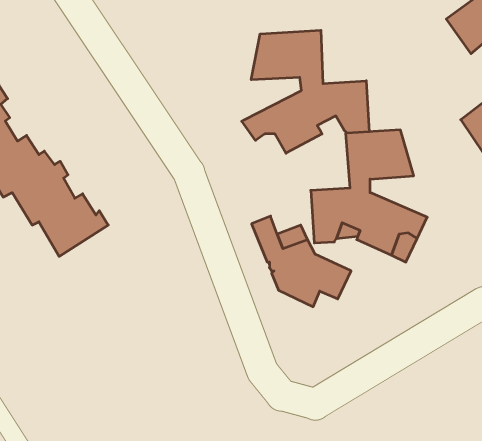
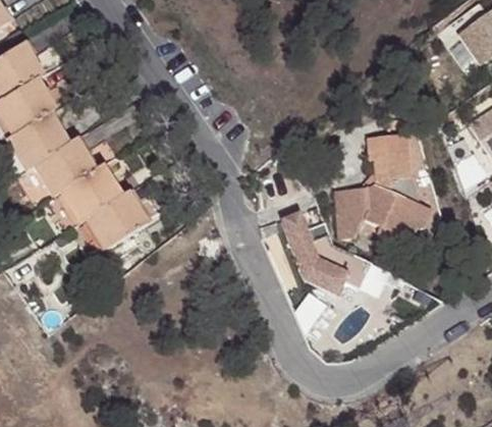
building: [242,30,369,153] -> none
building: none -> [387,175,437,212]

